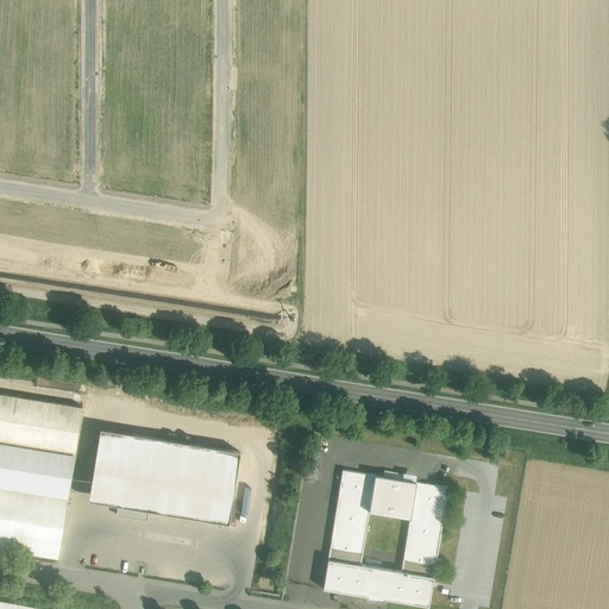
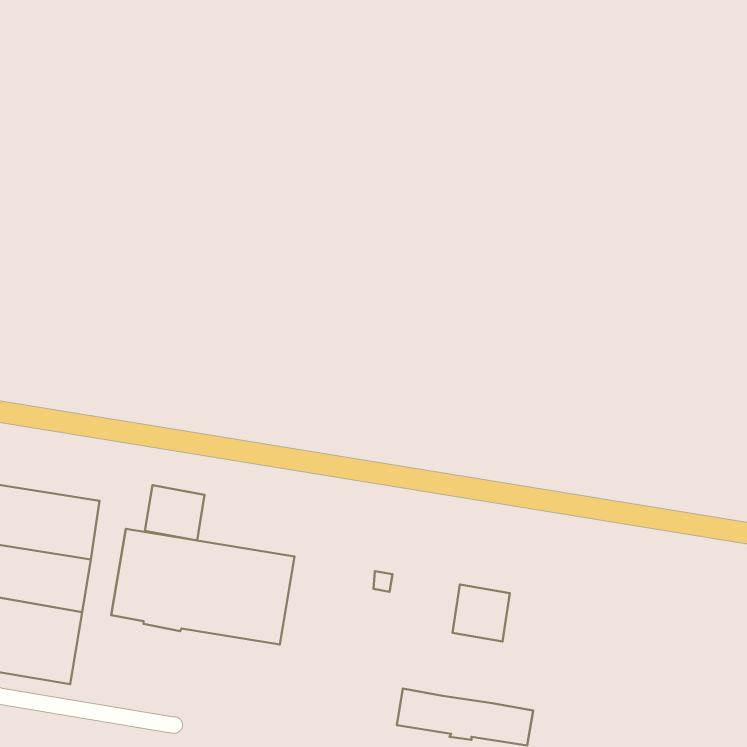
building: none -> [145,485,205,541]
building: [327,471,373,566] -> none
building: [400,483,447,578] -> none

